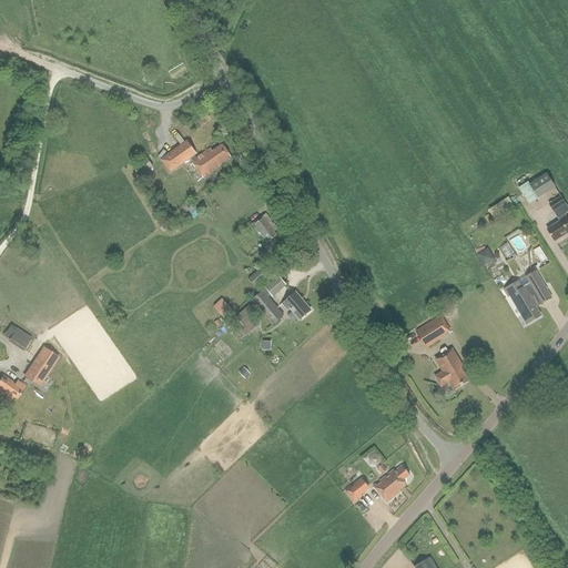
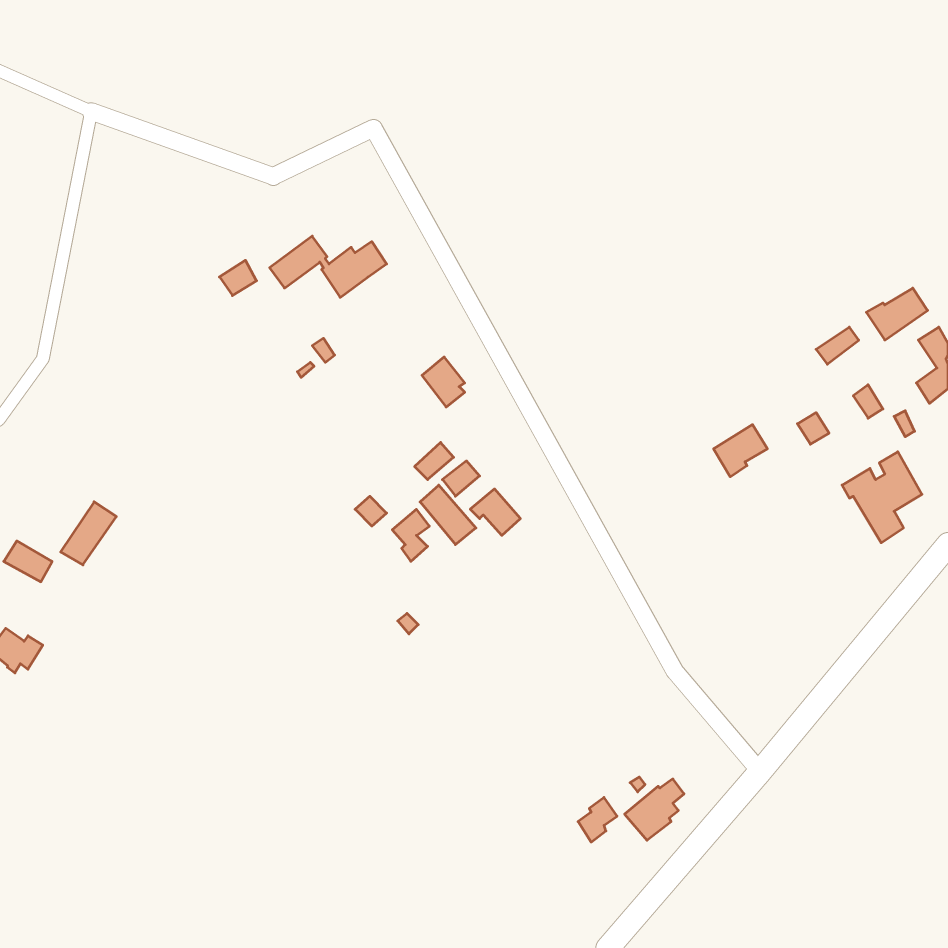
building: [417,315,449,346] -> [714,425,767,477]
building: [24,347,58,385] -> [61,502,116,565]
building: [435,348,468,389] -> none

